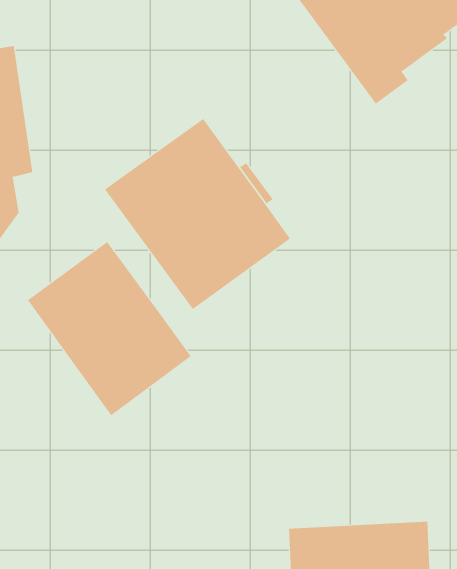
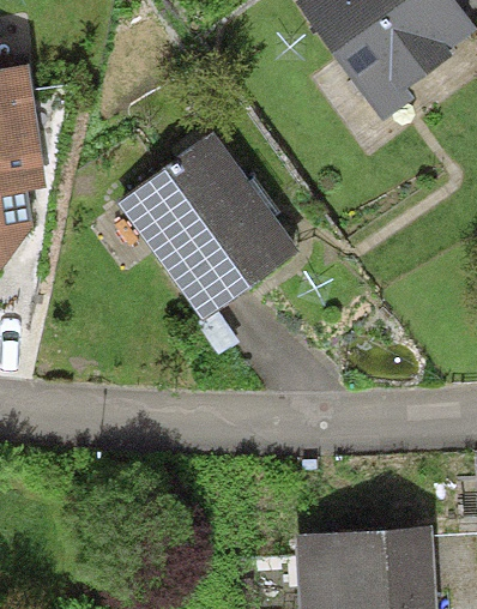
building: [27,241,192,416] -> none

